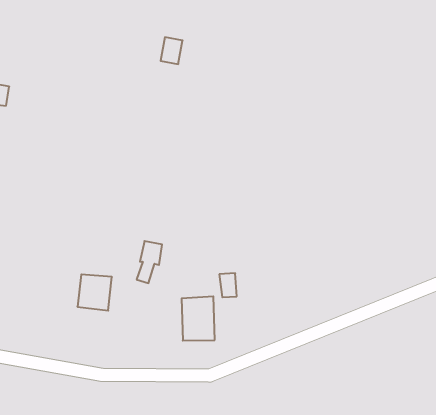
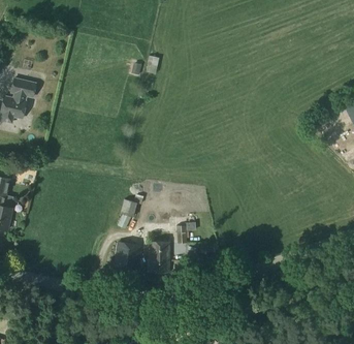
building: [77,274,112,311] -> [114,242,139,269]

